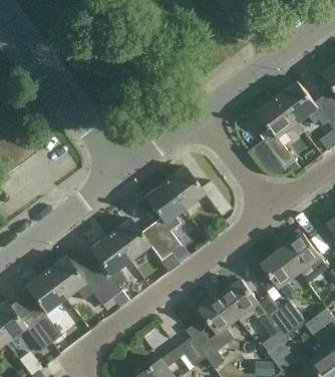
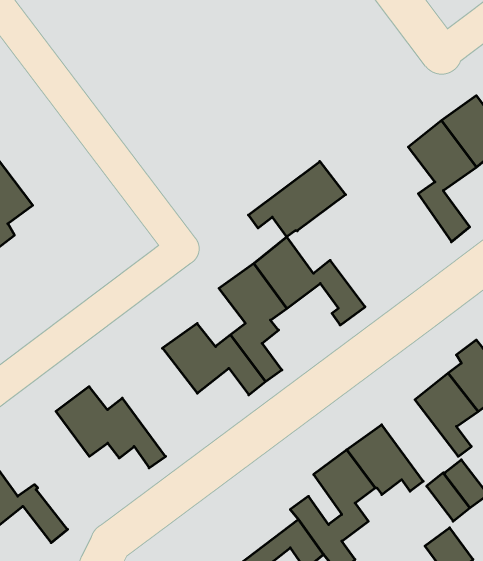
building: none -> [248,161,346,237]
building: [84,234,129,299] -> none
building: [23,272,64,343] -> none

